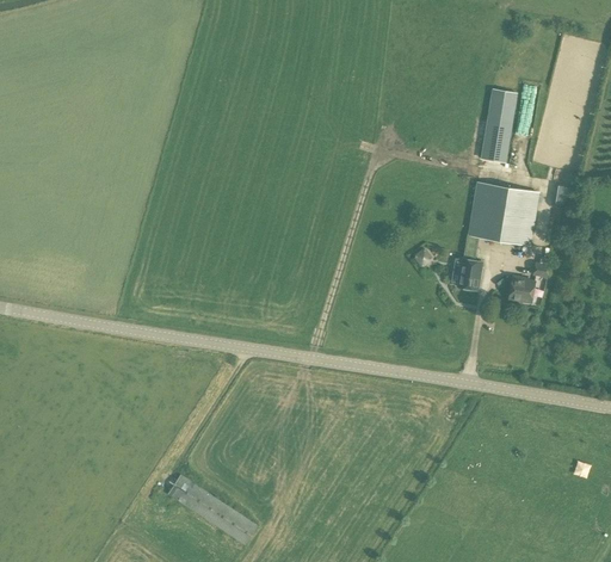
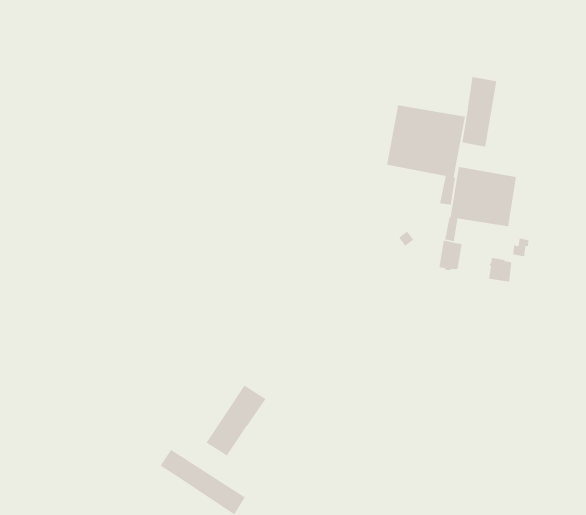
building: none -> [386,104,466,205]
building: none -> [205,384,267,457]

